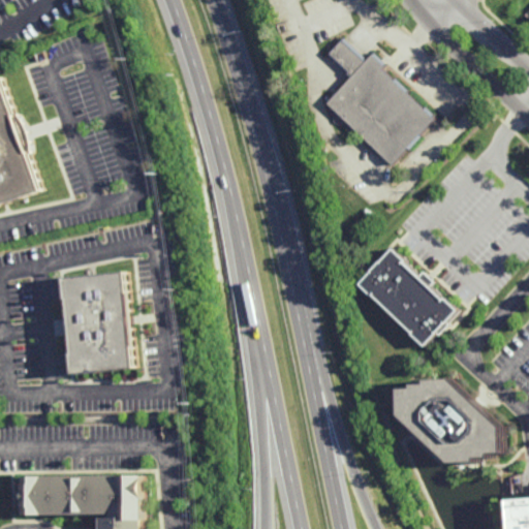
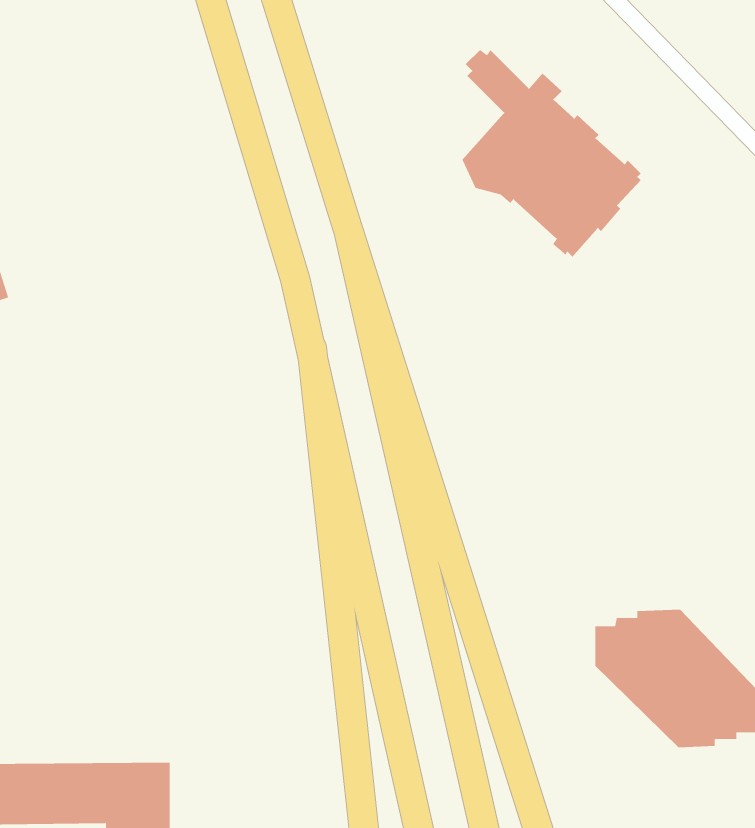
building: [353,248,456,348] -> none
building: [61,272,130,376] -> none

